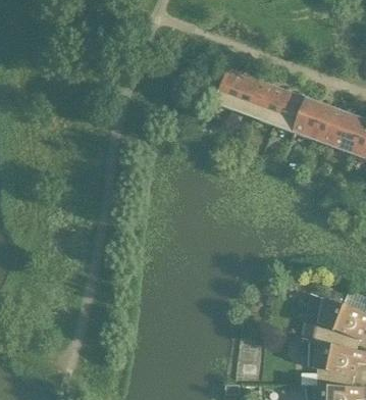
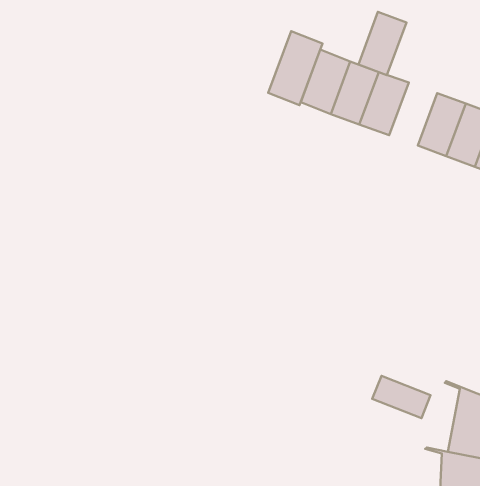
building: none -> [268,31,322,105]
building: [274,89,307,132] -> [358,12,406,75]
building: none -> [372,376,431,418]

